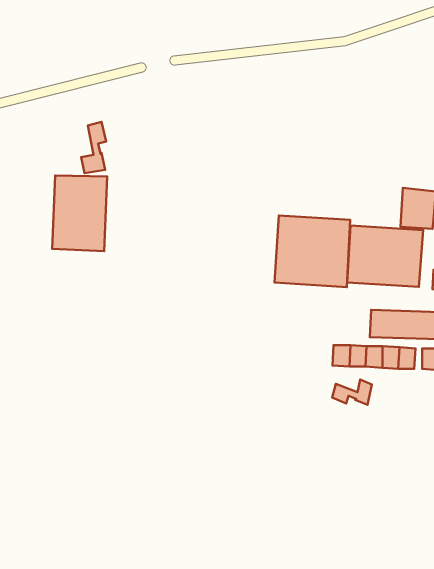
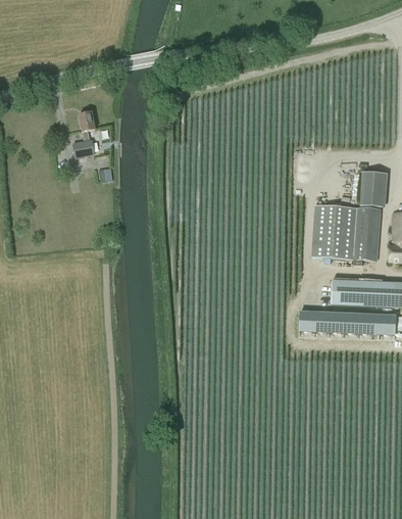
building: [52,175,107,251] -> none
building: [274,215,350,287] -> none
building: [332,380,372,405] -> none

